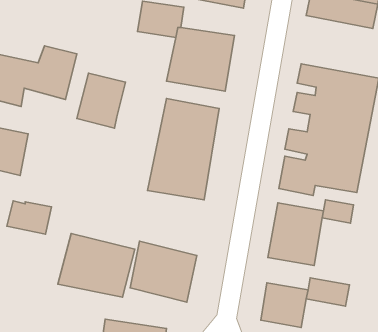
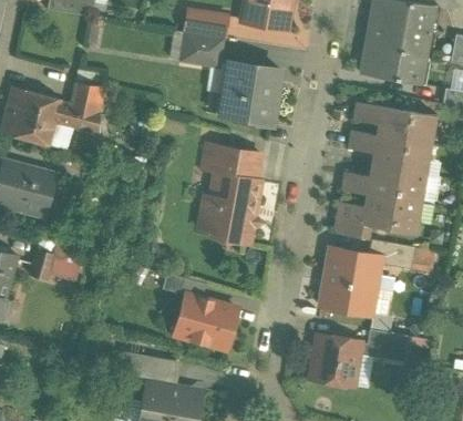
building: none -> [357,45,435,86]
building: [77,73,125,128] -> none
building: [58,233,135,297] -> none

